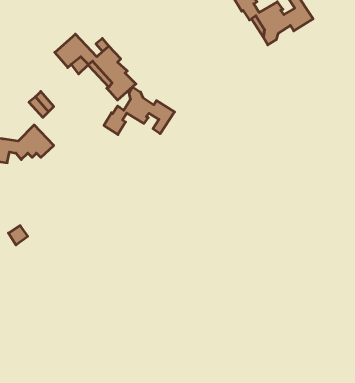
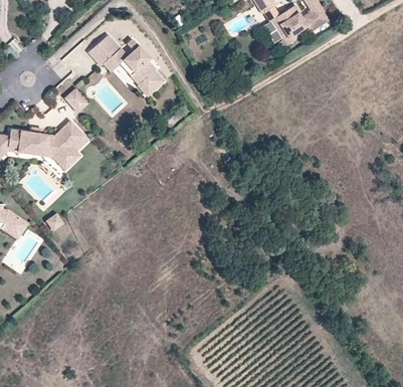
building: [104,87,175,135] -> none
building: none -> [44,145,79,169]

